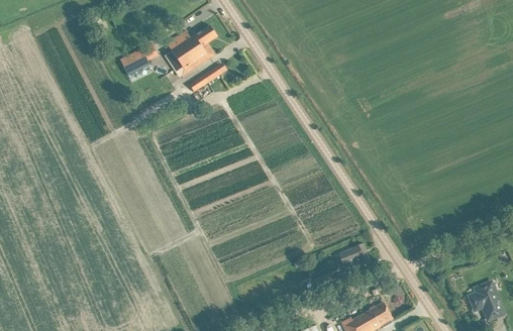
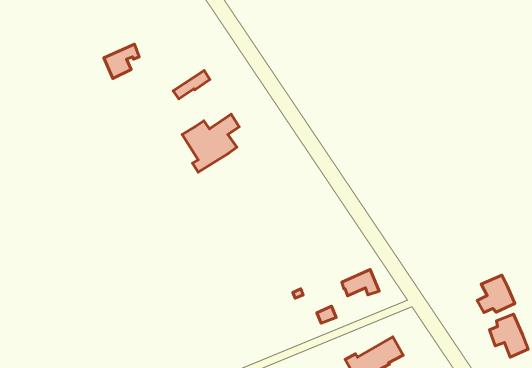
building: [166,25,216,77] -> [182,114,239,172]
building: none -> [477,275,515,313]

